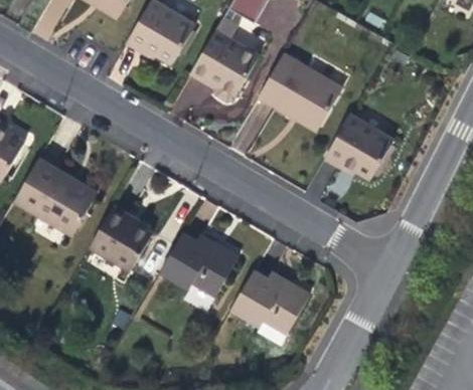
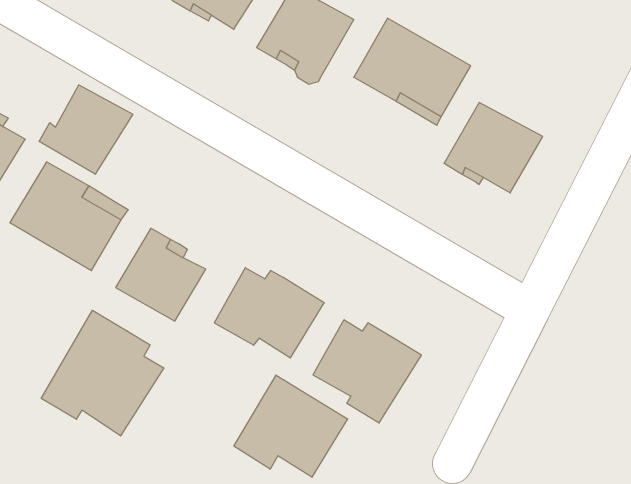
building: none -> [39,85,133,174]
building: none -> [41,310,164,436]
building: none -> [234,375,348,477]

